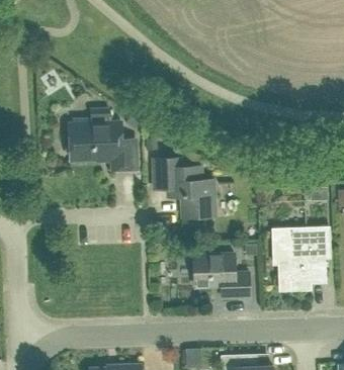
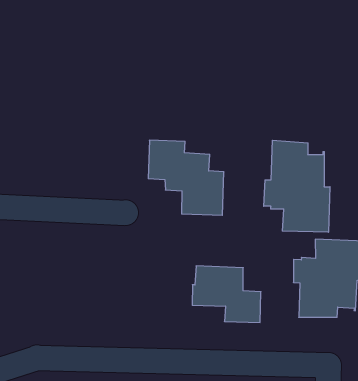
building: [70,108,137,170] -> none
building: none -> [264,140,330,232]

